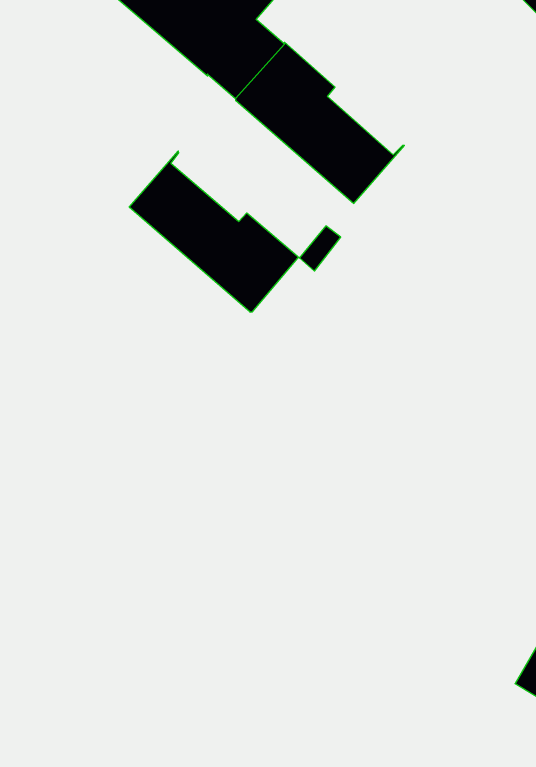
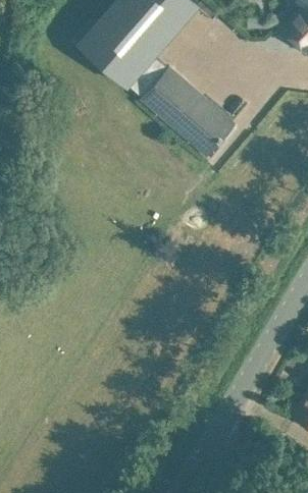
building: [129,151,299,312] -> none

